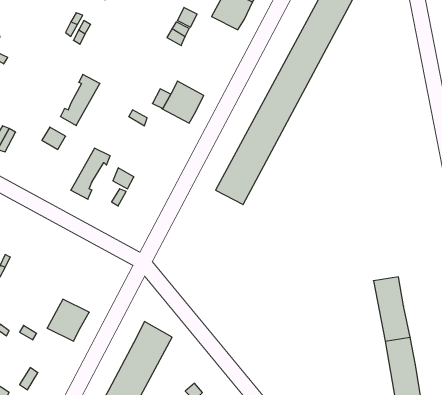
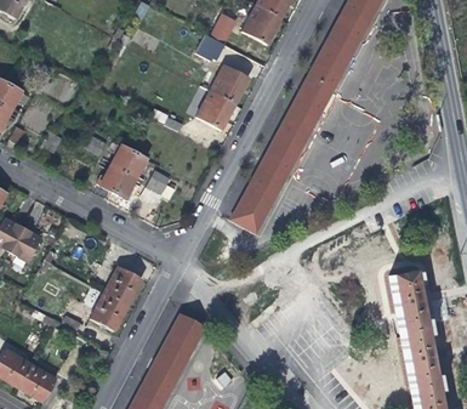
building: none -> [211,64,250,104]
building: [60,74,100,126] -> [98,144,135,192]
building: none -> [232,192,272,232]
building: none -> [106,267,143,305]

